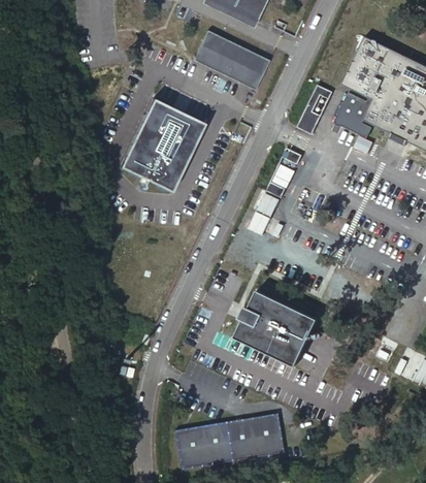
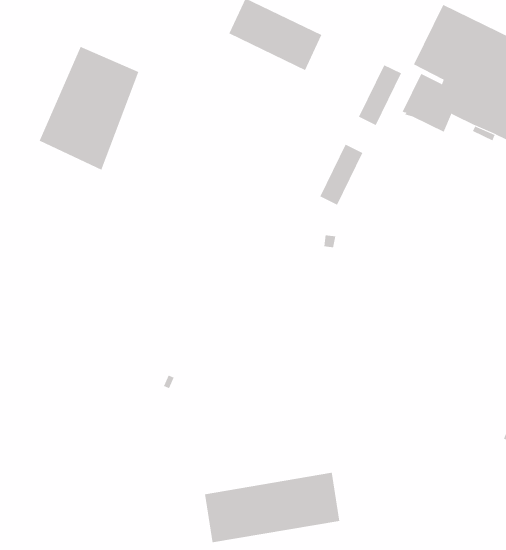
building: [124,93,204,193] -> [39,46,139,170]
building: [231,290,315,367] -> none

